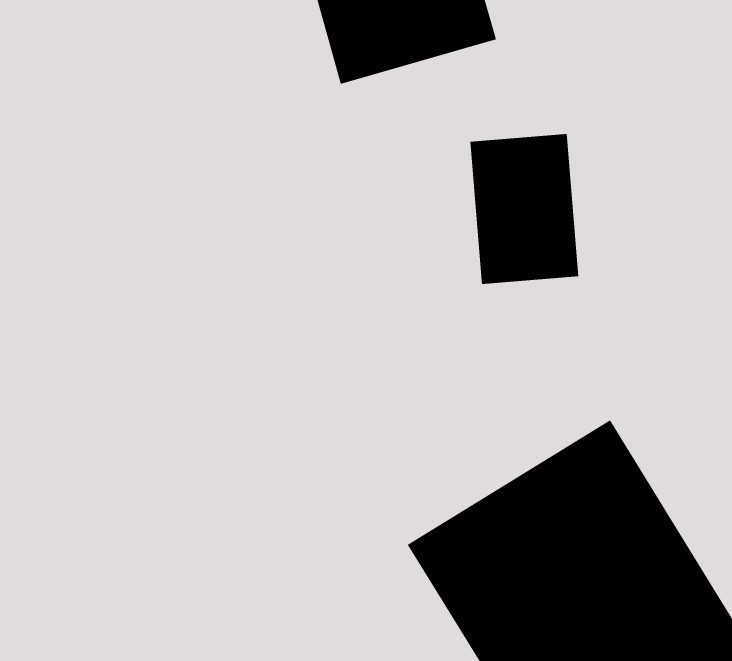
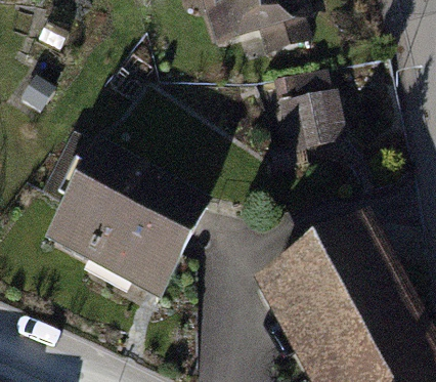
building: none -> [46,153,189,287]

